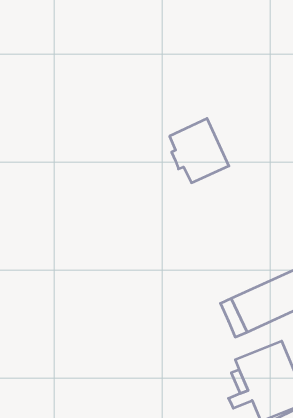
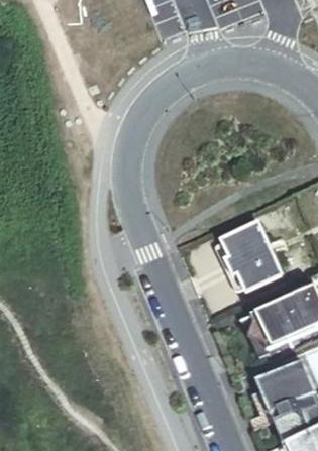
building: [170,118,229,183] -> [223,222,284,288]

